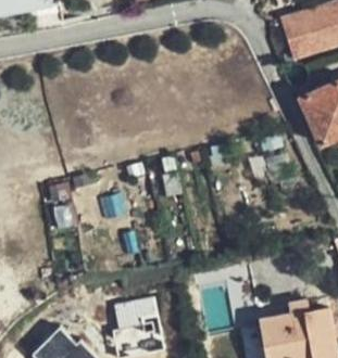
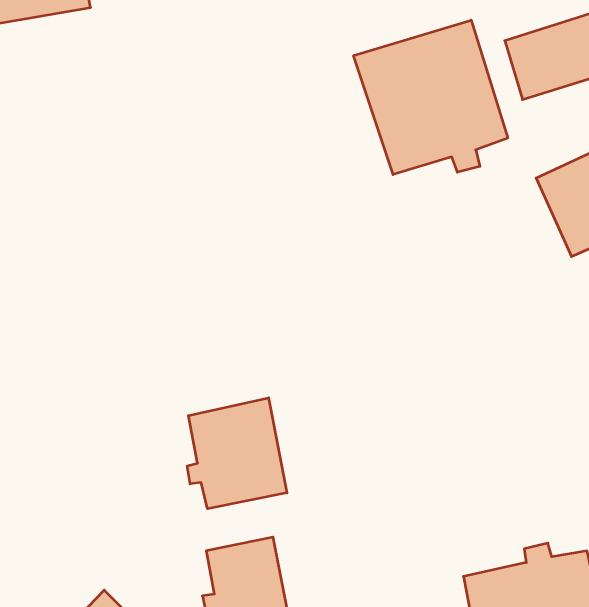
building: none -> [354,20,508,175]
building: none -> [187,398,287,509]

